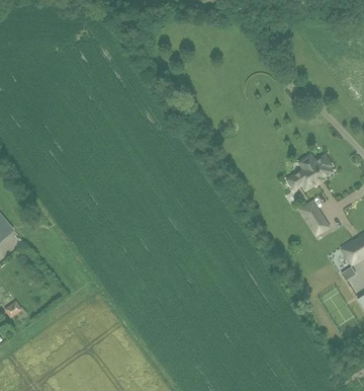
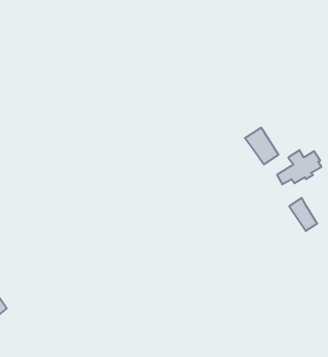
building: none -> [245,128,278,165]

